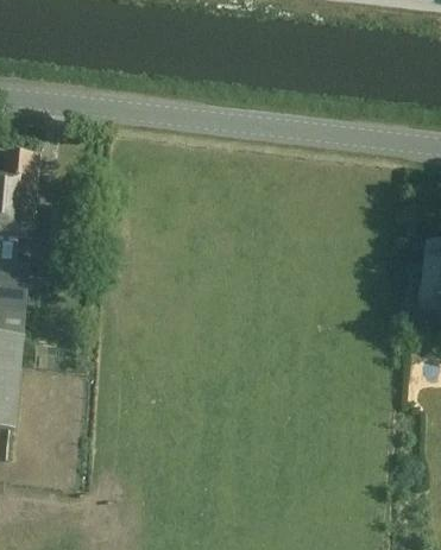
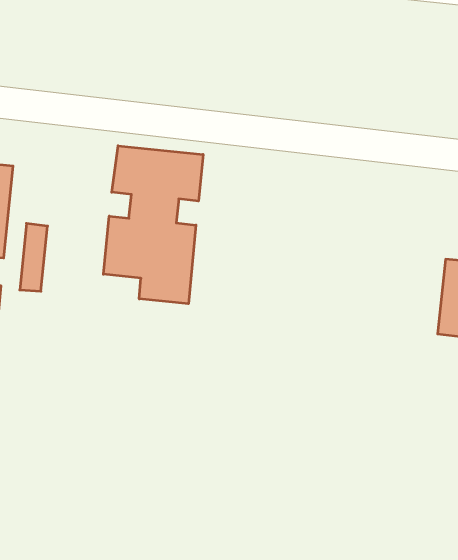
building: none -> [103,146,203,304]

